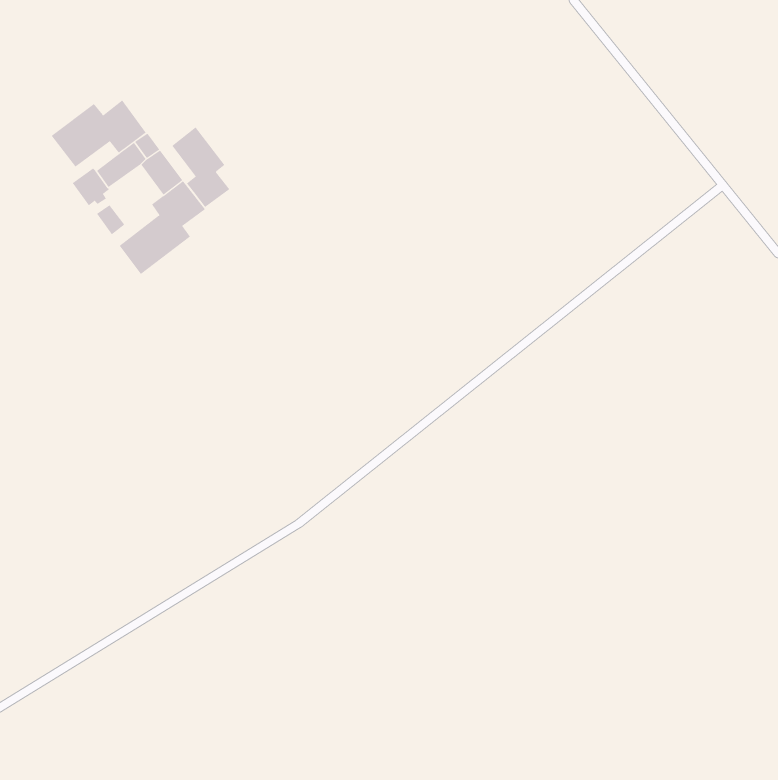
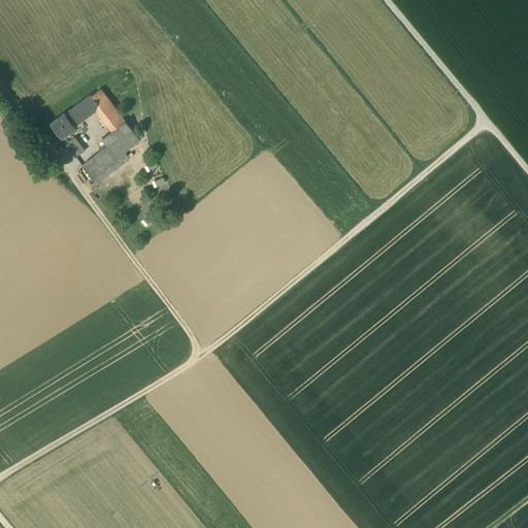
building: [51,100,146,167] -> none
building: [172,127,230,208] -> none

